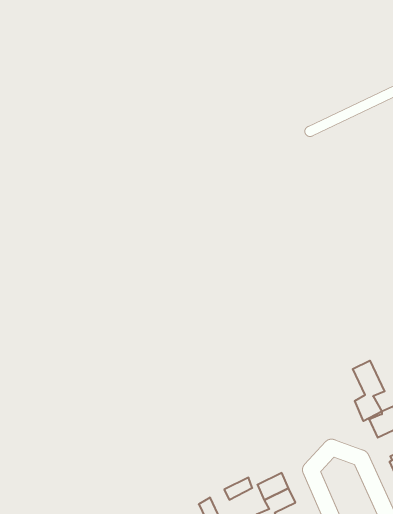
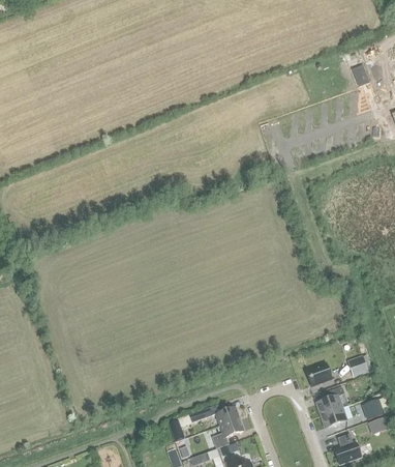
building: [353,361,385,421] -> none

